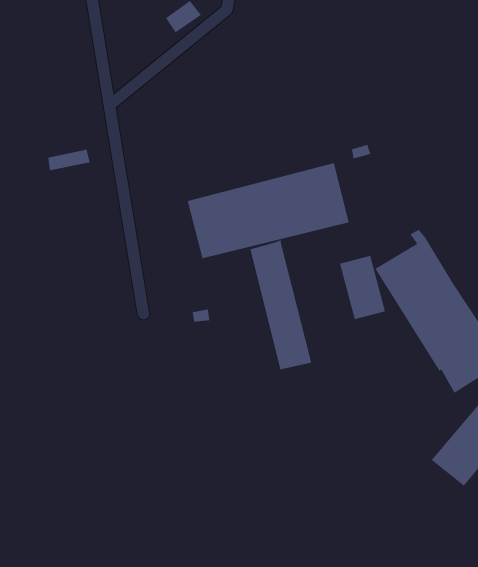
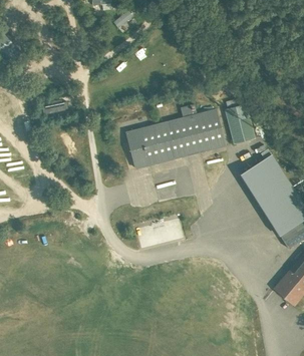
building: [250,239,312,370] -> none
building: [339,255,386,320] -> [226,104,254,143]

